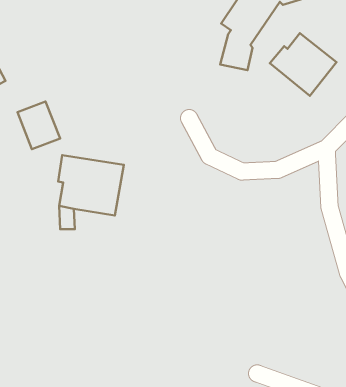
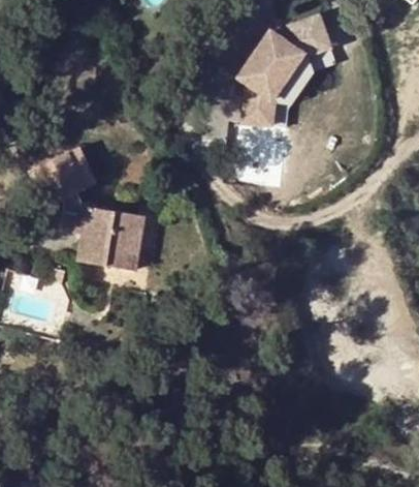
building: [270,33,337,96] -> none

